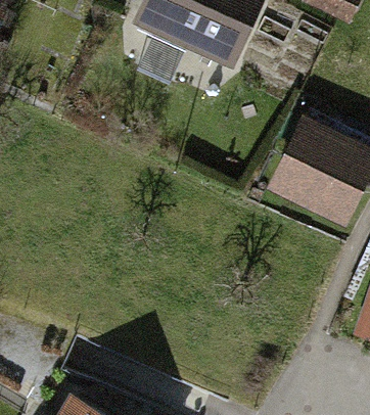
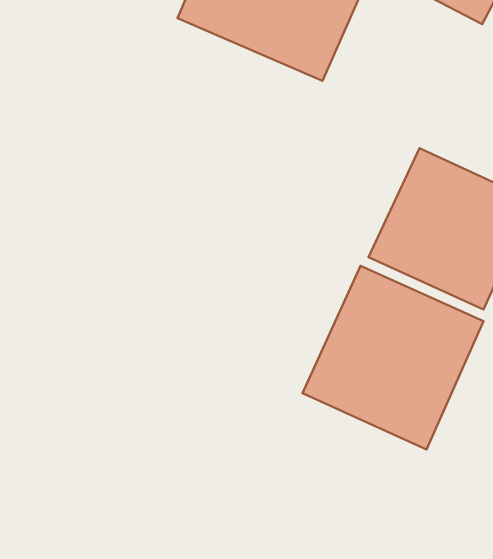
building: none -> [302,266,484,450]

